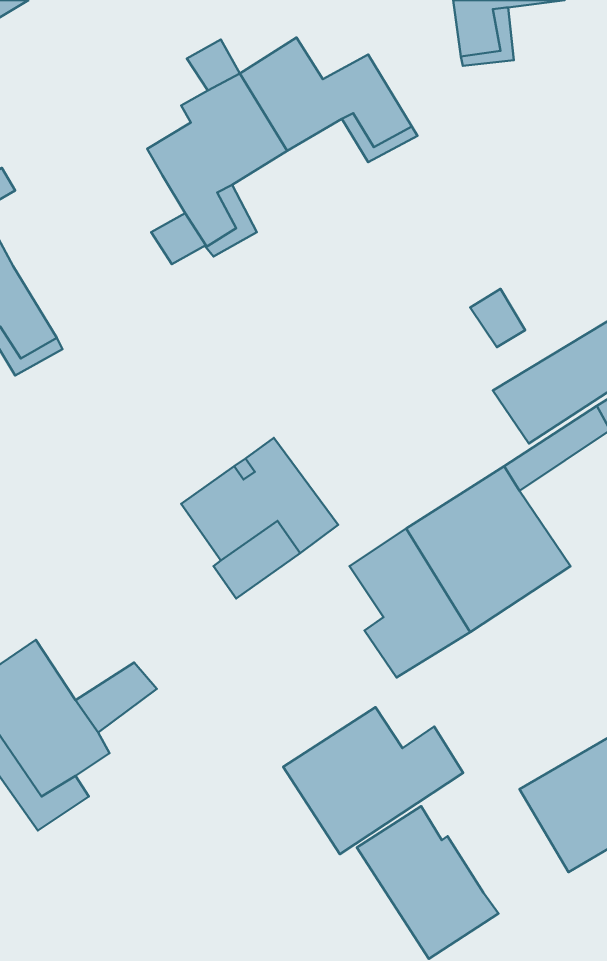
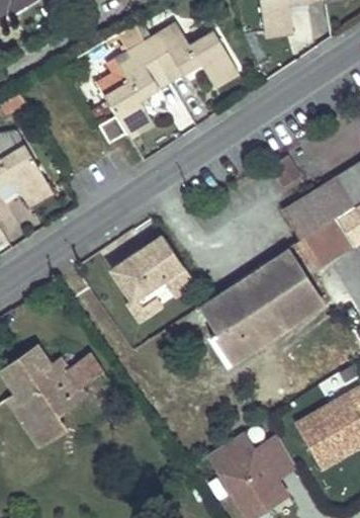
building: [283,707,463,854] -> none
building: none -> [257,435,296,480]

